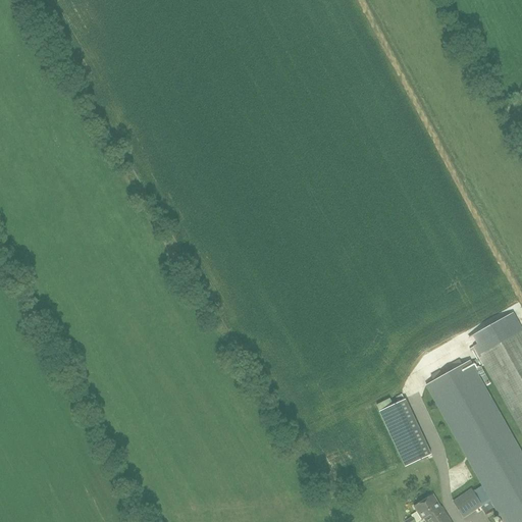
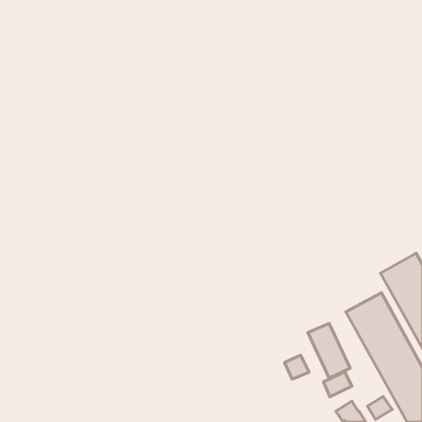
building: none -> [285,355,309,379]
building: none -> [324,372,352,397]

